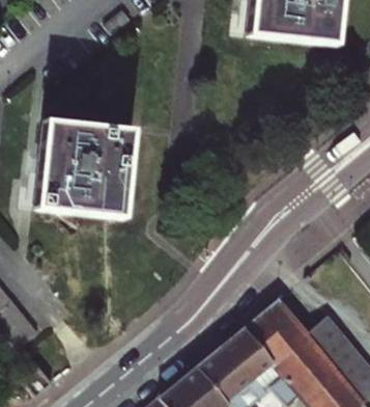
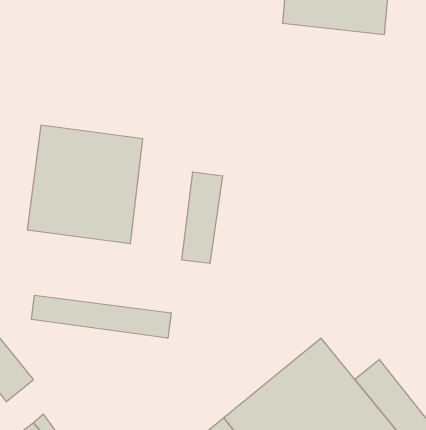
building: none -> [182,172,223,264]
building: none -> [32,295,171,338]

